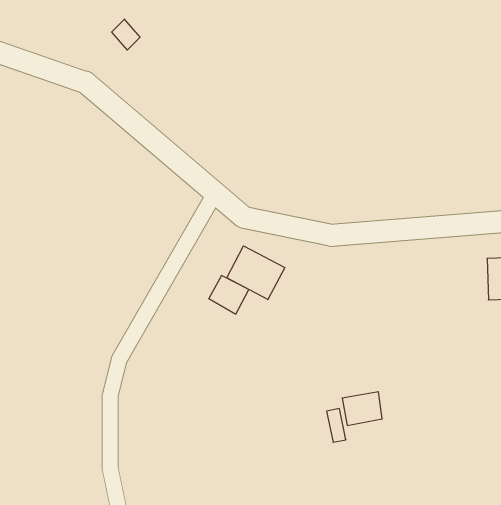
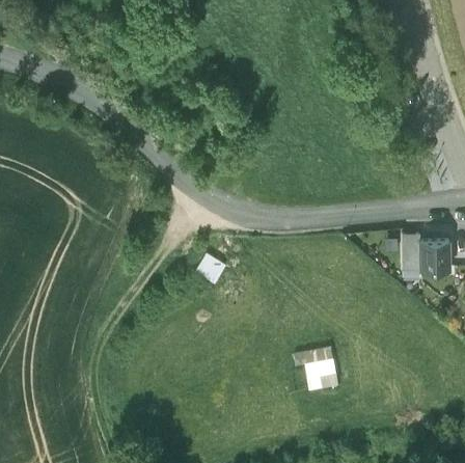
building: [227,246,285,300] -> none
building: none -> [401,235,420,274]

